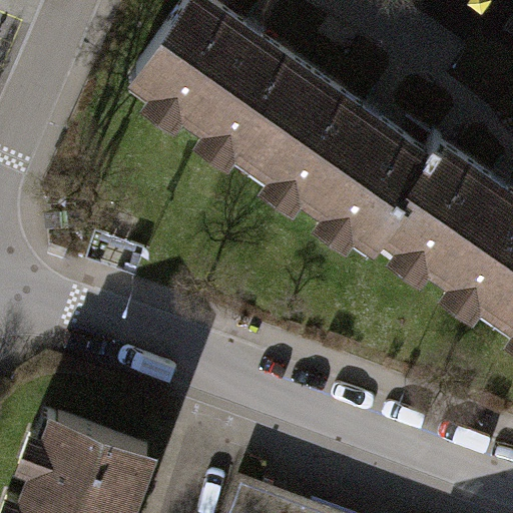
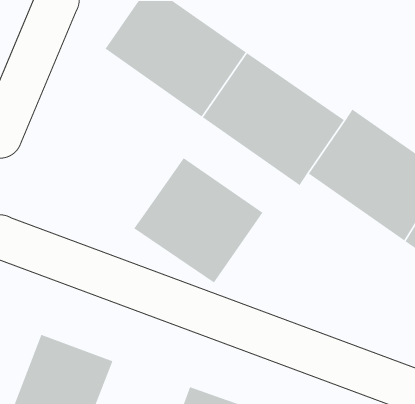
building: none -> [133,157,263,283]

